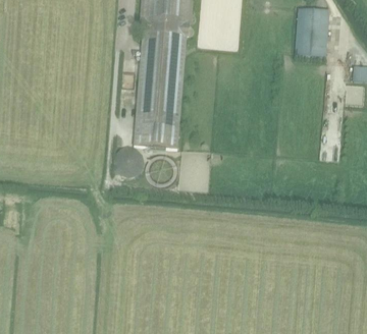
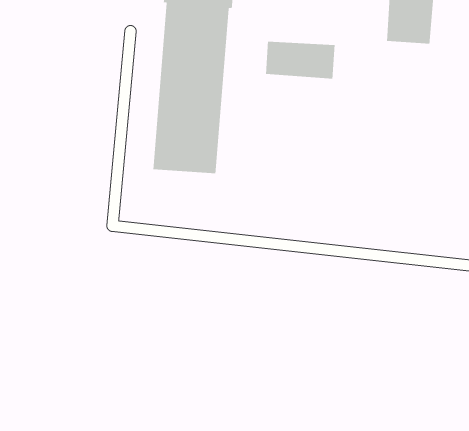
building: none -> [265,41,336,79]

